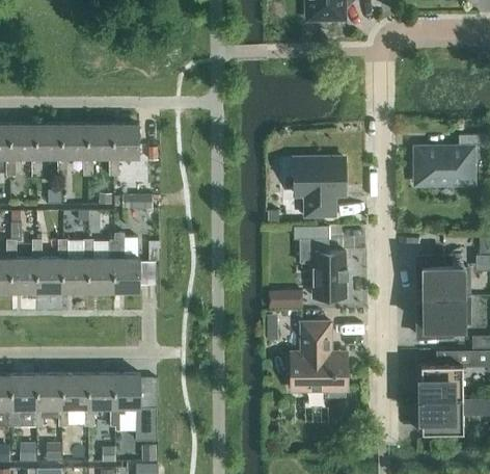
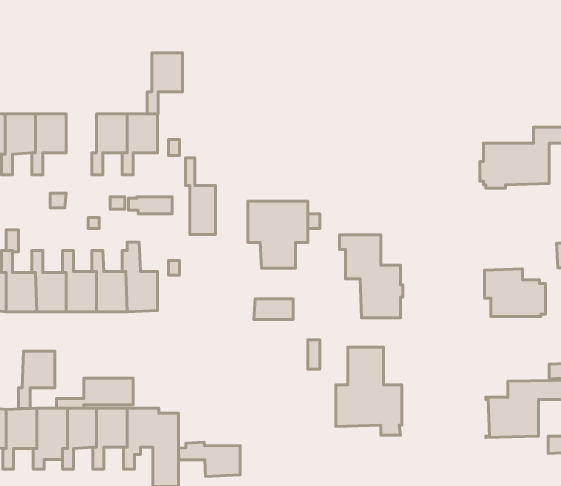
building: [57,125,87,177] -> [147,53,182,114]
building: [294,160,345,217] -> [248,201,308,268]
building: none -> [186,158,215,235]
building: [268,291,301,309] -> [254,299,293,319]
building: [417,297,469,338] -> none
building: none -> [18,351,55,408]
building: none -> [56,378,133,408]
building: [418,399,465,433] -> none
building: none -> [178,442,240,476]

